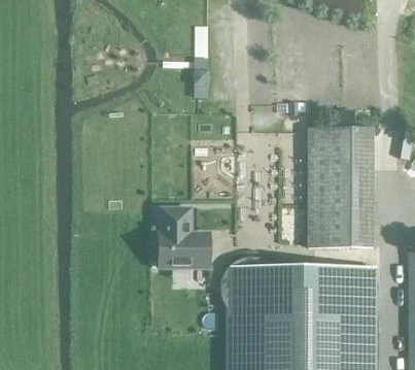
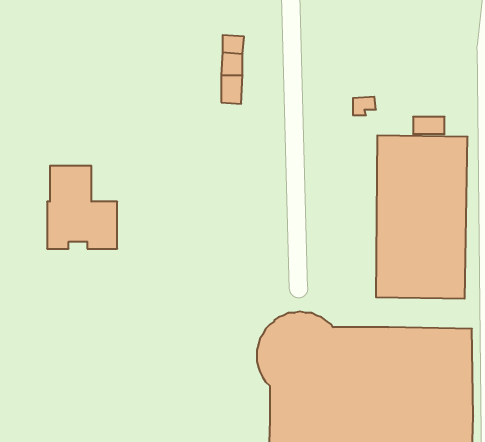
building: [160,210,210,270] -> [47,166,117,249]

